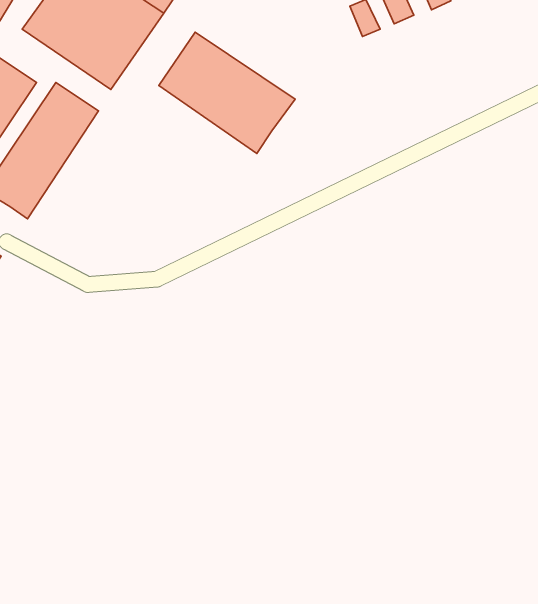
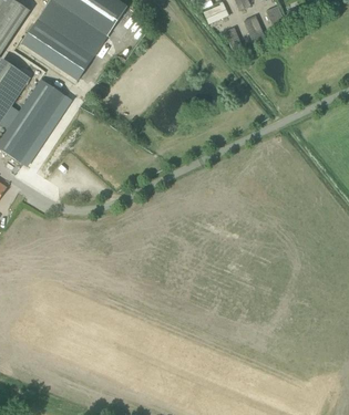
building: [159,32,295,154] -> none

